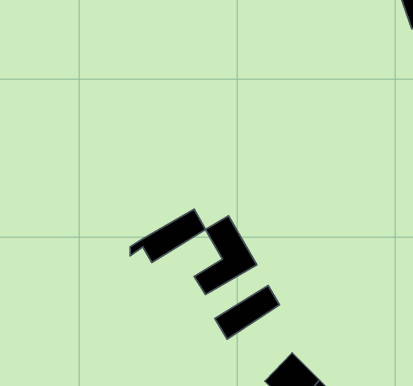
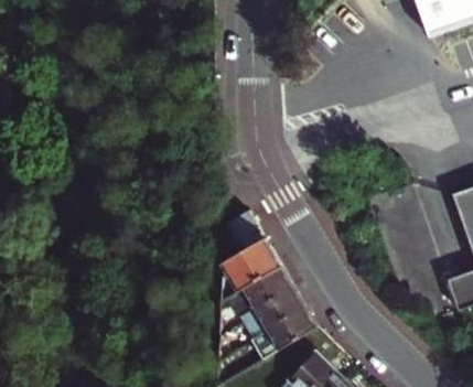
building: [130,209,206,263] -> [221,267,293,319]
building: none -> [254,305,316,357]

